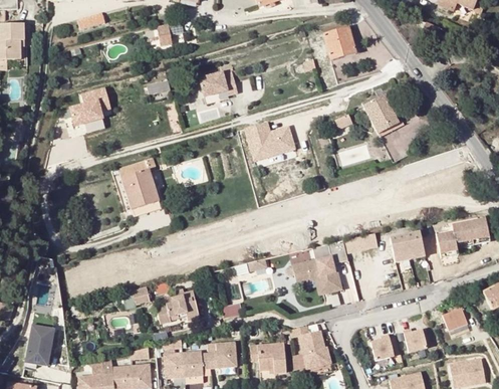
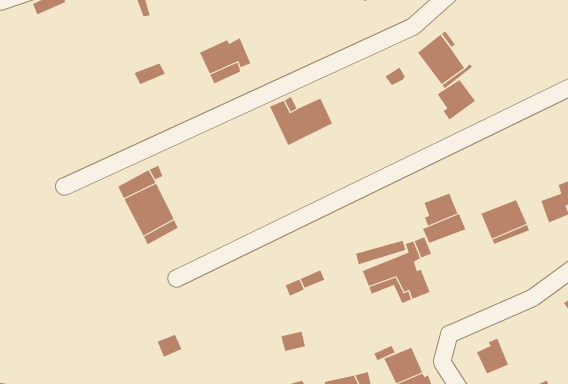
building: [66,86,110,127] -> none
building: none -> [437,79,476,121]
building: none -> [424,193,458,227]
building: [154,294,196,325] -> none
building: [402,329,426,353] -> none

